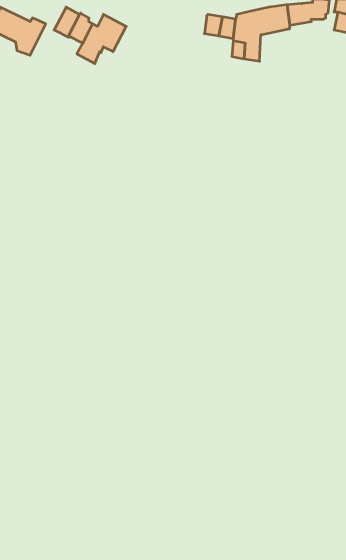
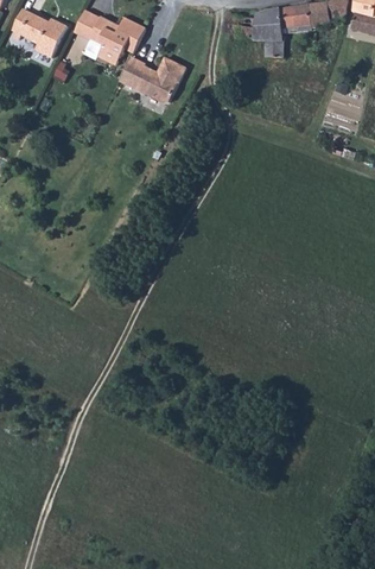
building: none -> [119,55,185,102]

